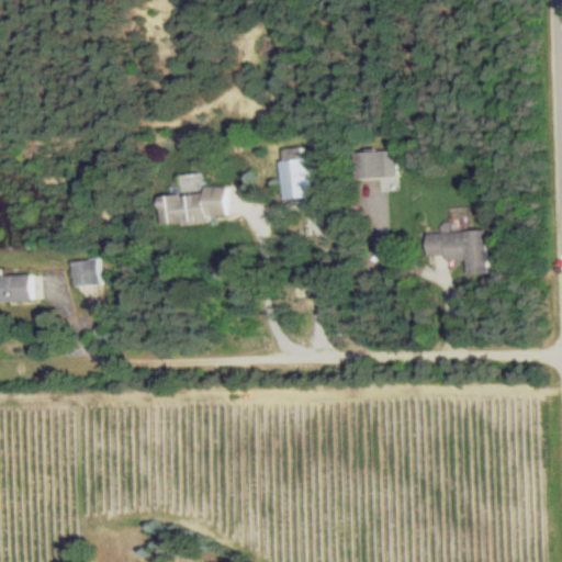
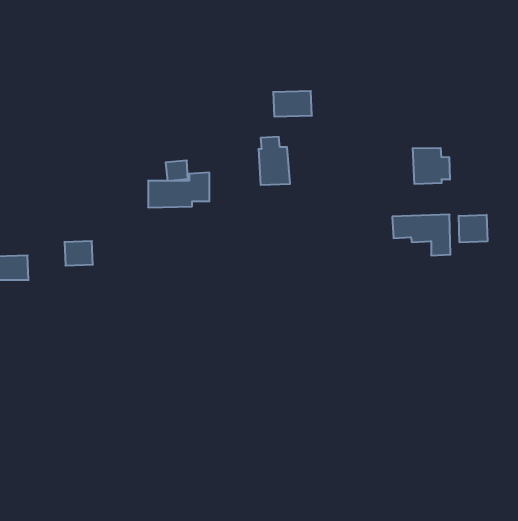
building: [351,150,393,178] -> [273,91,312,117]
building: none -> [413,148,450,184]
building: none -> [459,215,487,242]

